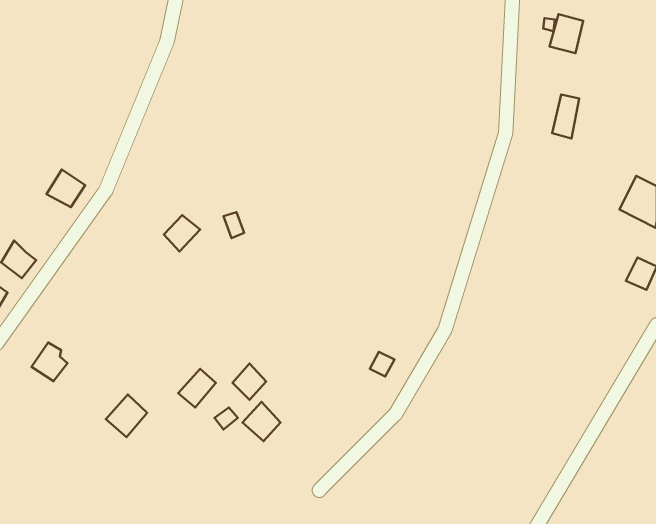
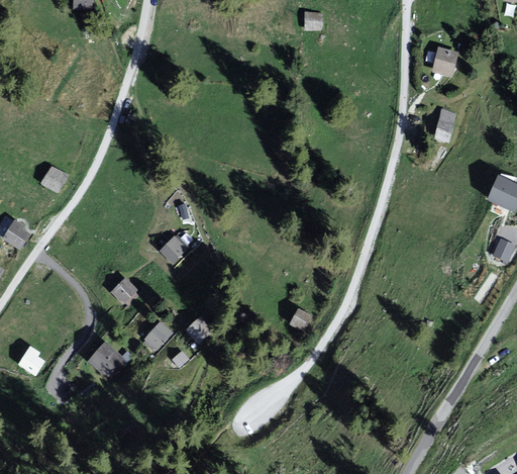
building: [164,215,200,251] -> [158,236,186,265]
building: none -> [109,279,136,306]
building: [31,342,68,381] -> [15,346,43,376]
building: [243,402,281,441] -> none

